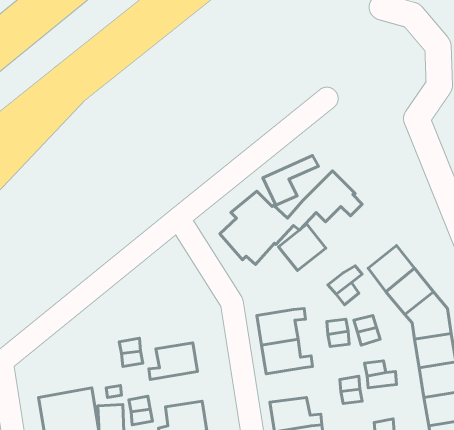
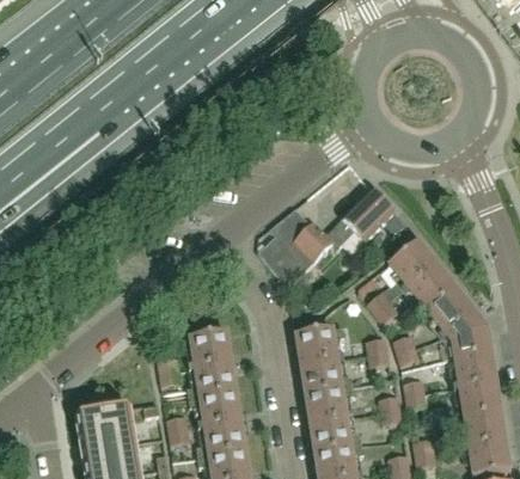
building: [278,224,326,271] -> [389,240,436,287]
building: none -> [178,331,231,368]
building: none -> [305,386,354,422]
building: none -> [188,391,240,426]

